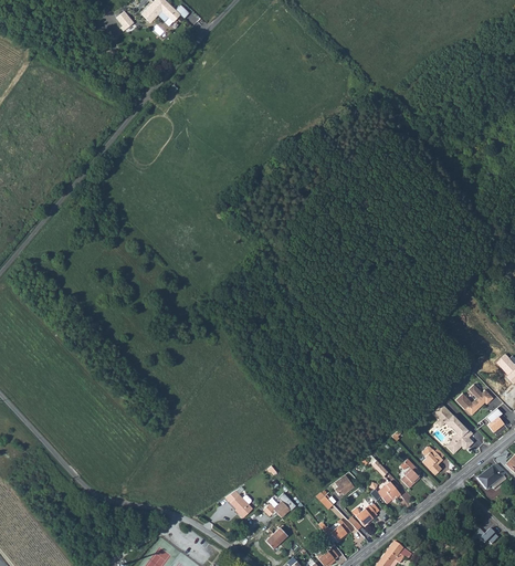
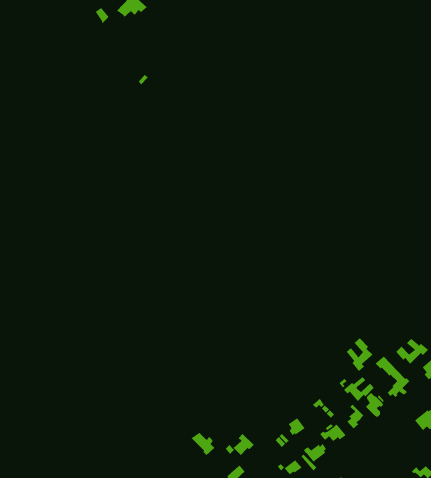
building: none -> [346,338,374,372]
building: none -> [343,376,375,402]

